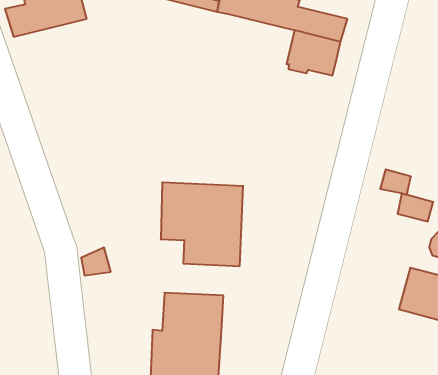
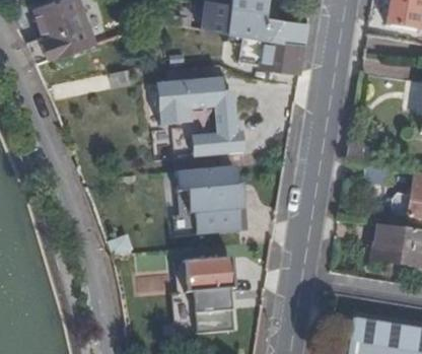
building: none -> [152,79,237,158]

